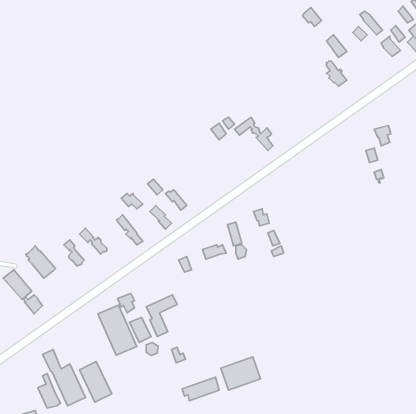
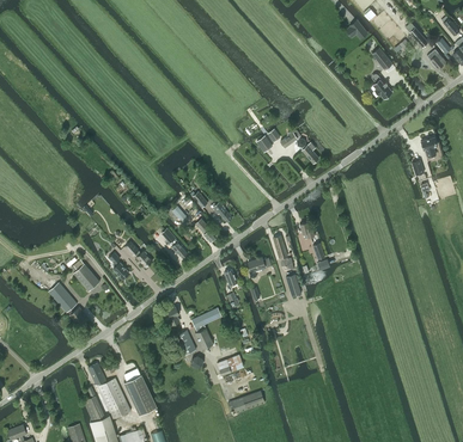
building: [98,305,137,355] -> none
building: [221,357,260,390] -> none

